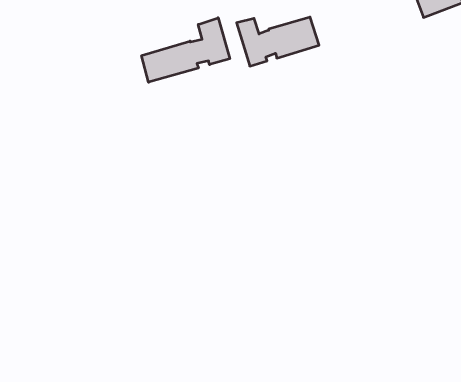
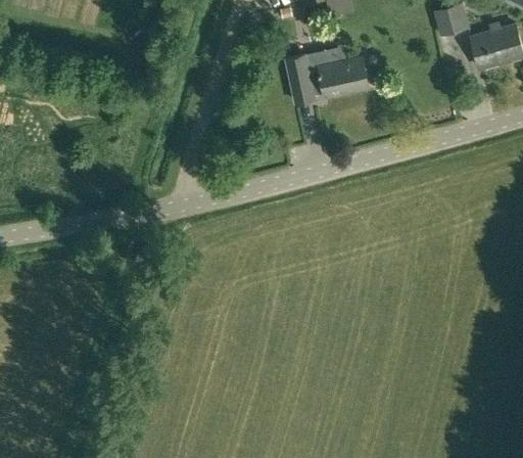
building: [142,18,230,82] -> none

